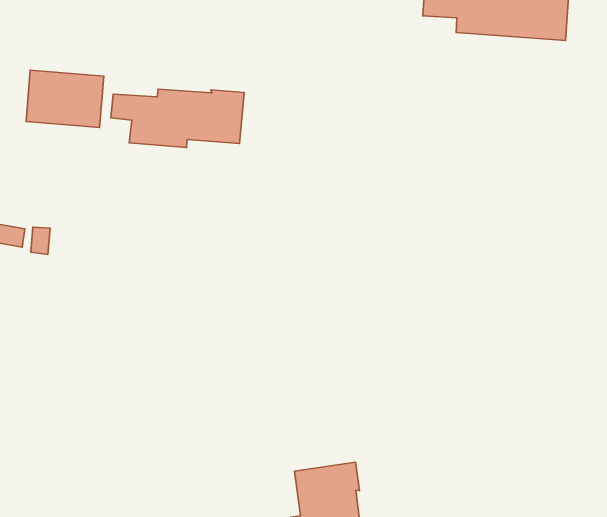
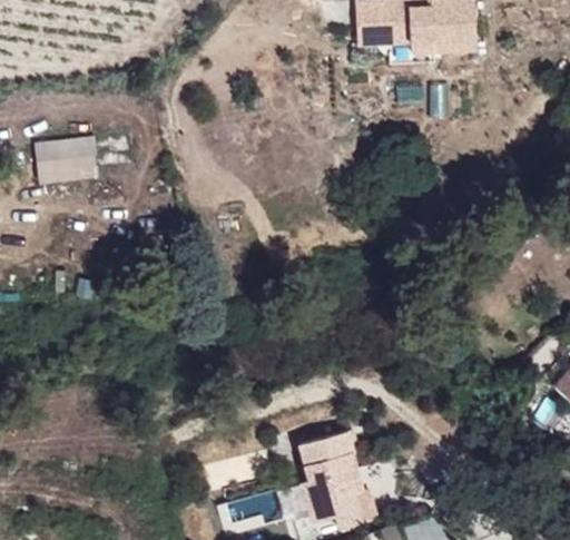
building: [111,89,244,147] -> none

